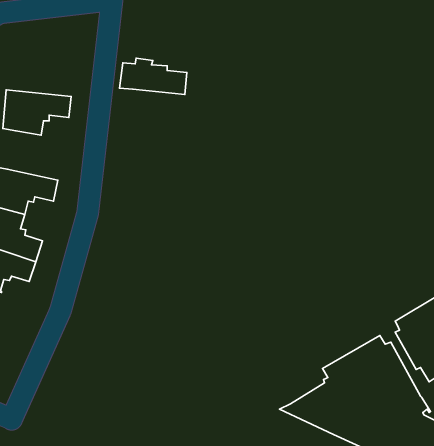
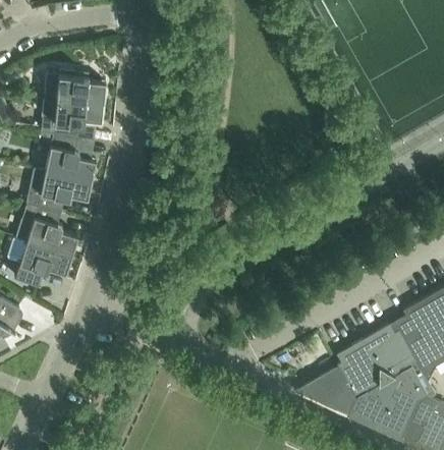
building: [120,58,187,95] -> [44,70,106,104]
building: none -> [45,135,96,181]

